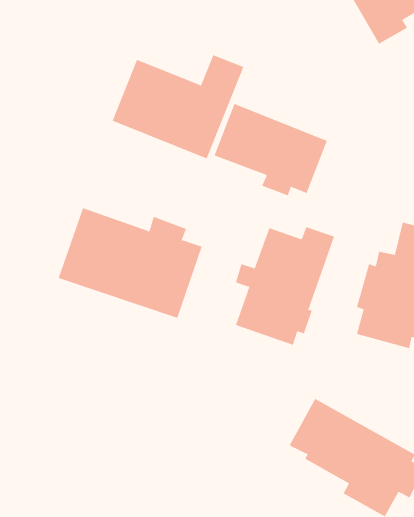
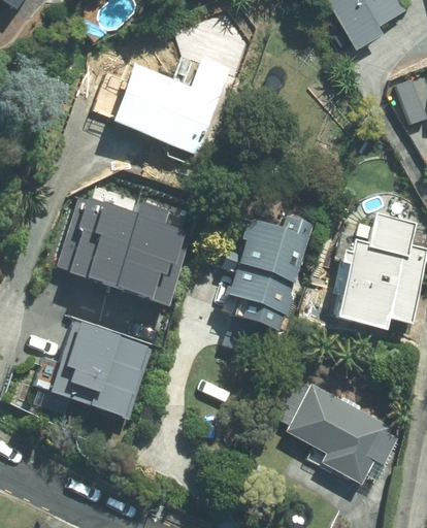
building: [214,103,328,196] -> none
building: none -> [56,323,153,416]

